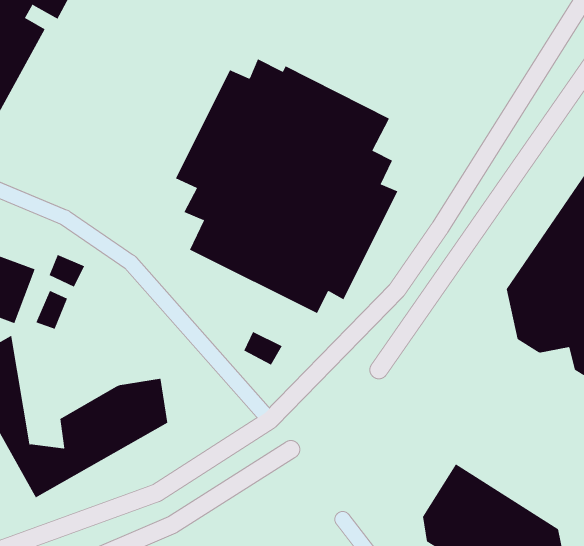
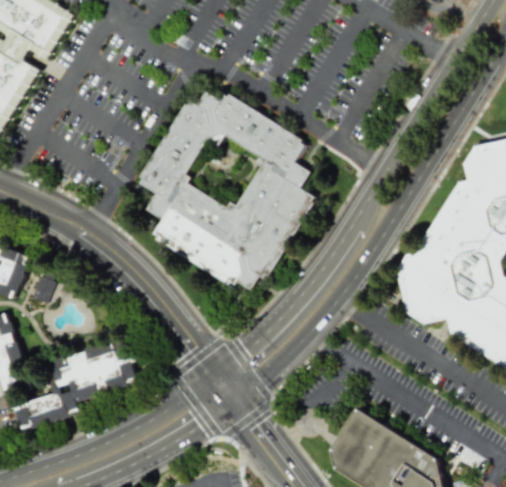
building: [49,254,85,288] -> none
building: [243,331,282,366] -> none

